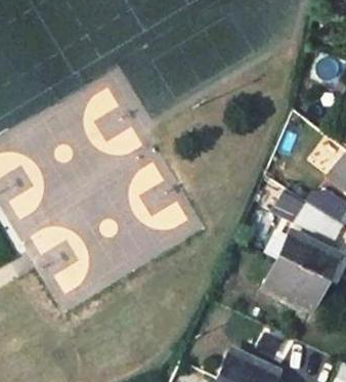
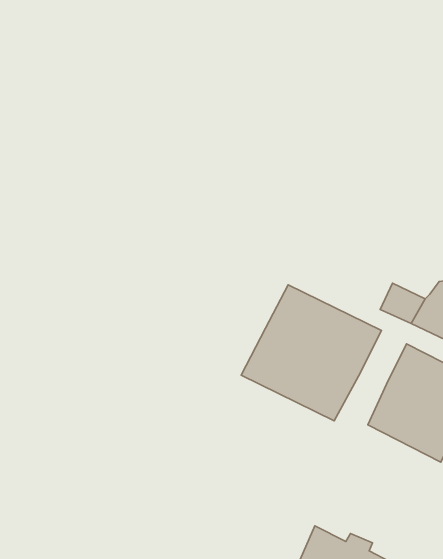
building: none -> [241,285,381,421]

